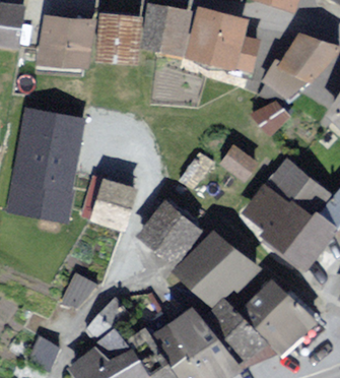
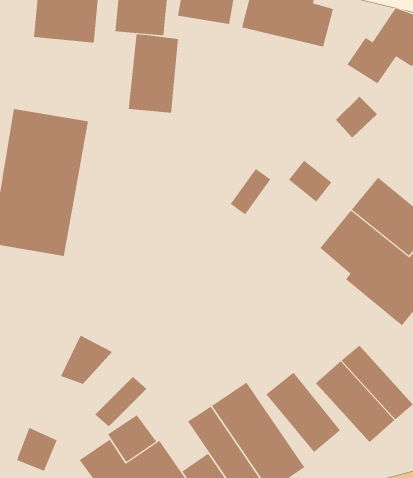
building: none -> [128,33,179,114]
building: [90,178,134,229] -> none
building: [137,201,200,264] -> none
building: [175,229,257,307] -> none

